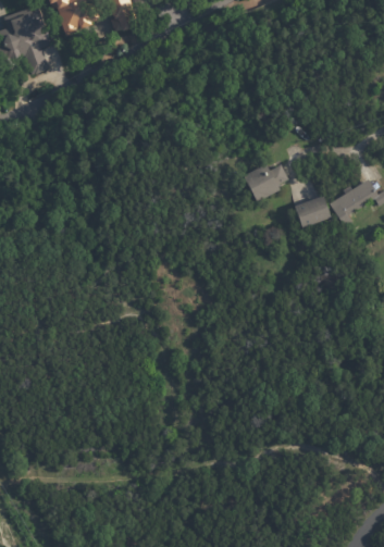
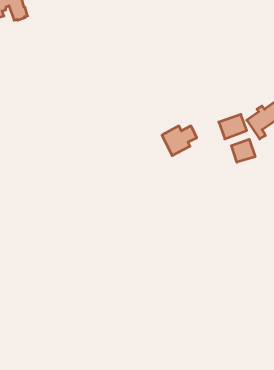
building: [243,161,287,199] -> [162,126,197,156]
building: none -> [231,139,255,162]

